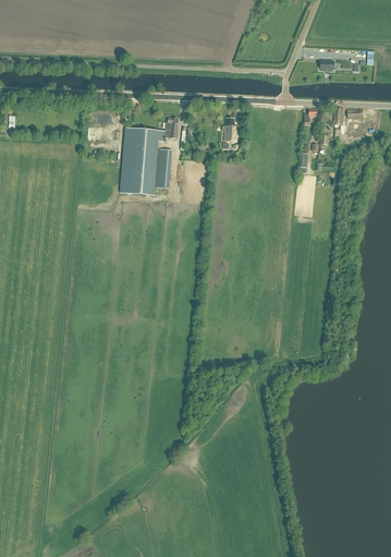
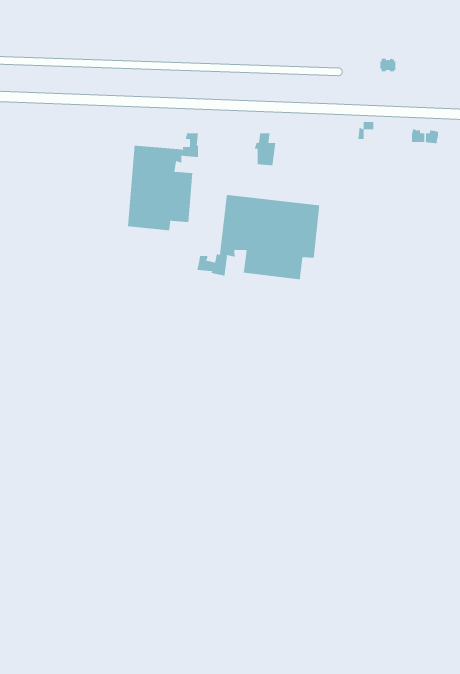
building: none -> [197,194,320,280]

